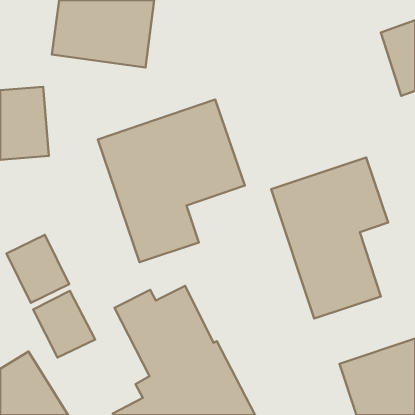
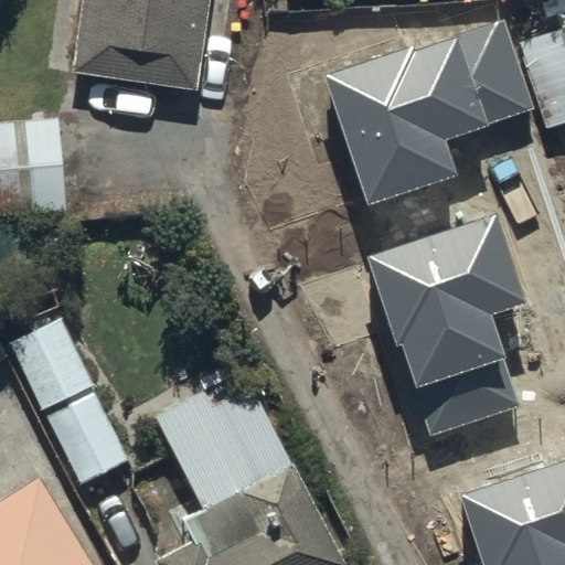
building: none -> [327,21,533,203]
building: [98,100,245,262] -> none

